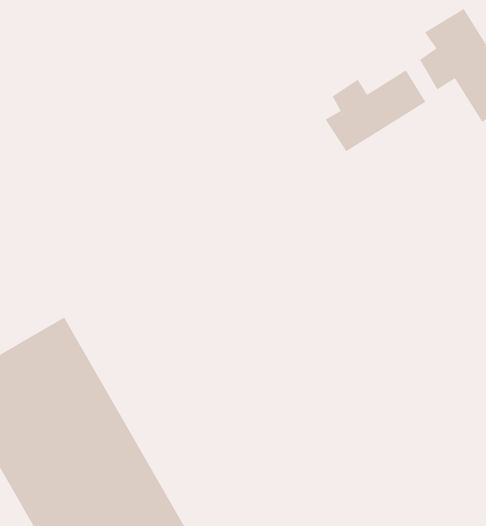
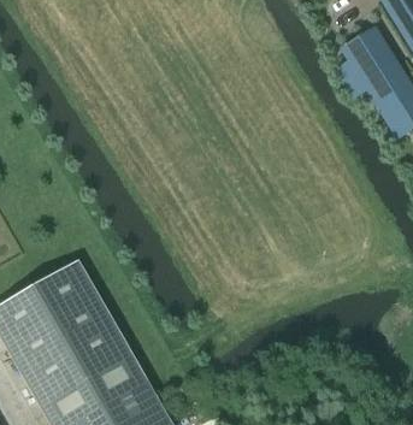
building: [325,70,426,152] -> none

